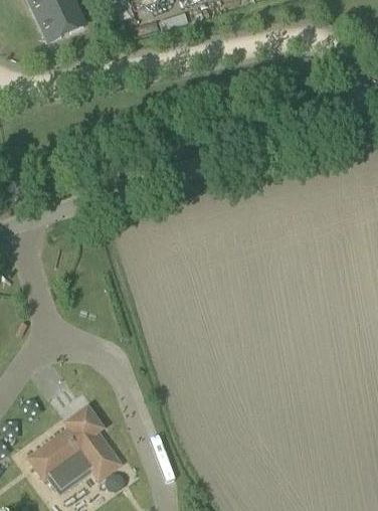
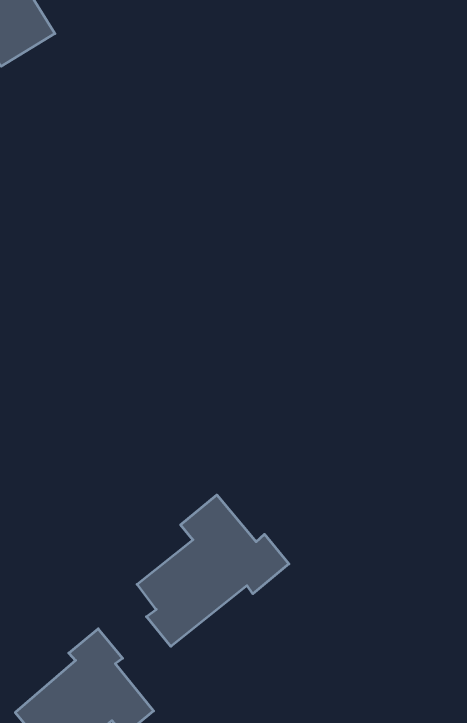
building: none -> [137,495,289,646]

